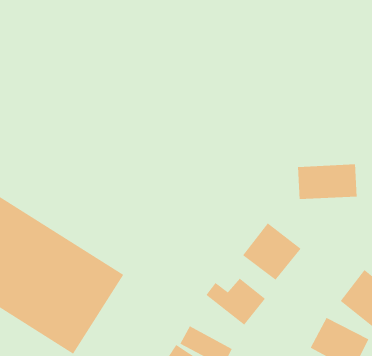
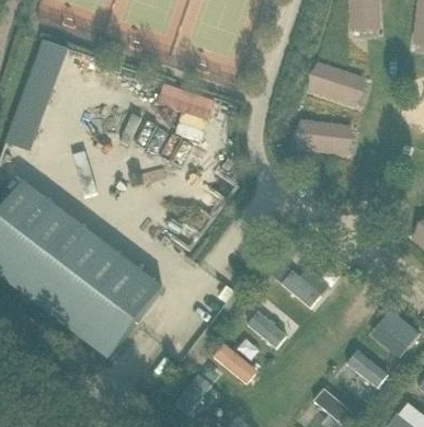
building: none -> [305,59,366,106]
building: none -> [153,81,214,122]
building: [297,164,357,199] -> [294,120,349,153]

